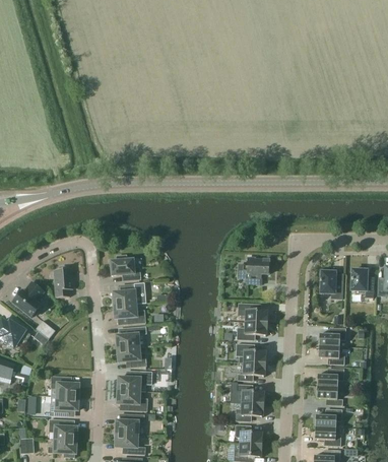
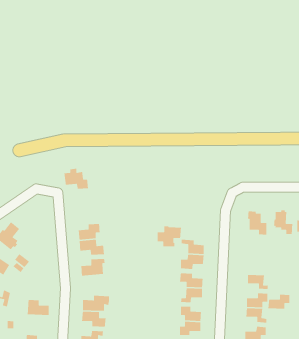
building: [110,254,140,280] -> [64,168,89,190]
building: [239,257,269,283] -> [157,226,182,247]
building: [55,265,73,296] -> none
building: [318,327,345,346] -> [268,294,290,310]
building: [117,346,146,367] -> none
building: [50,395,78,415] -> none

